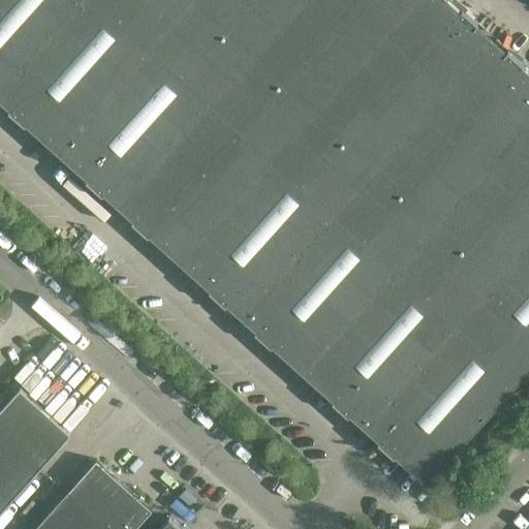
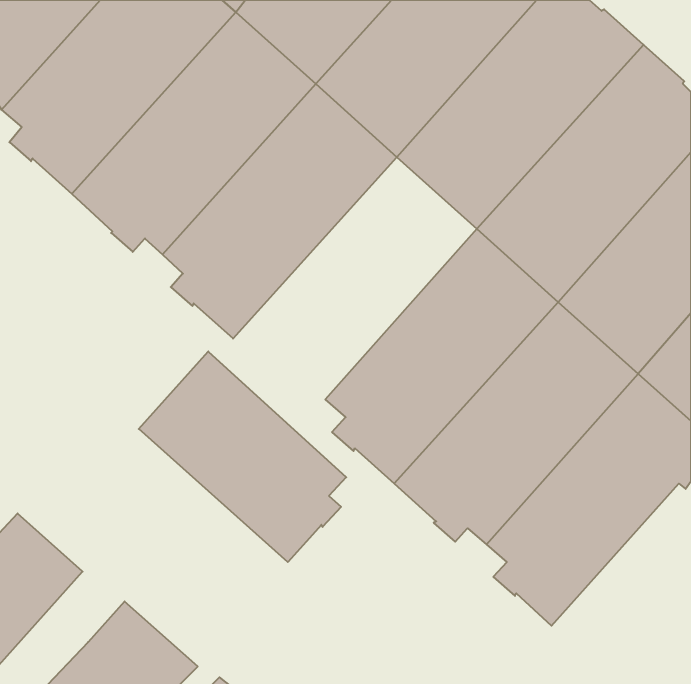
building: [178,126,364,311] -> none
building: none -> [139,351,346,562]

